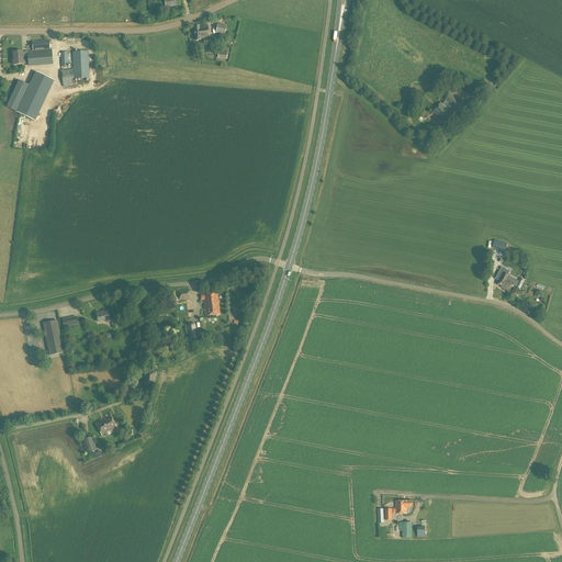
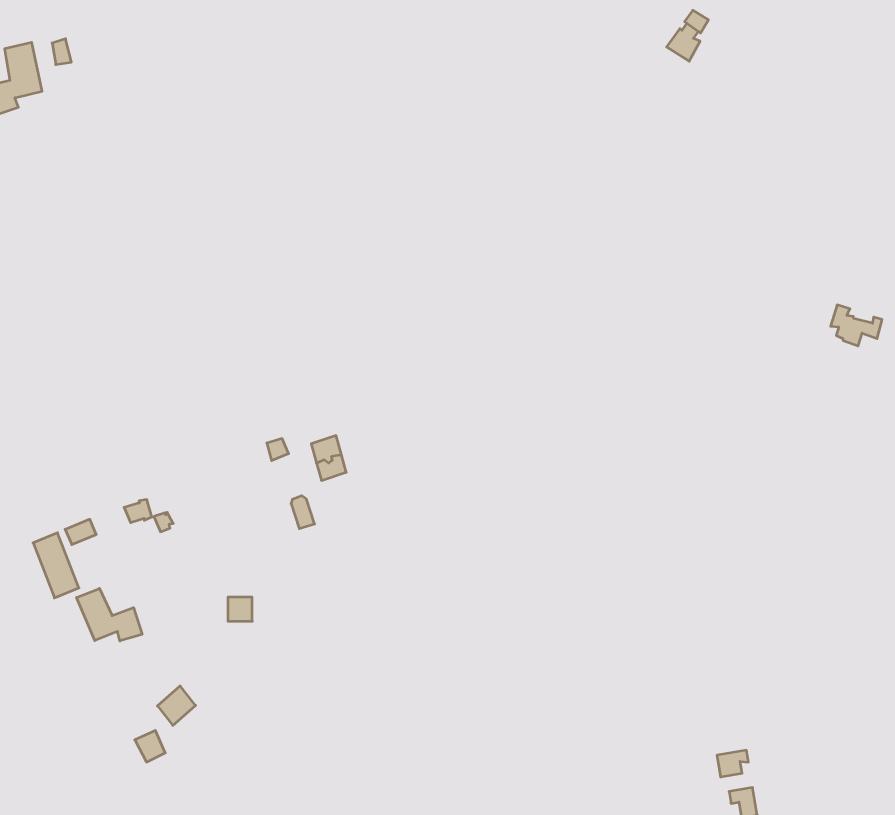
building: none -> [77,588,142,641]

